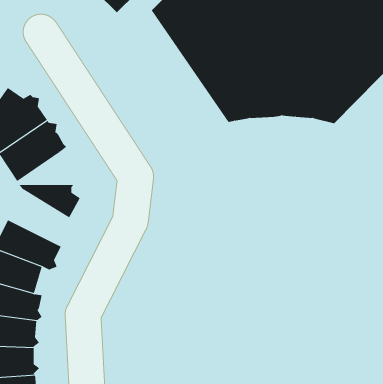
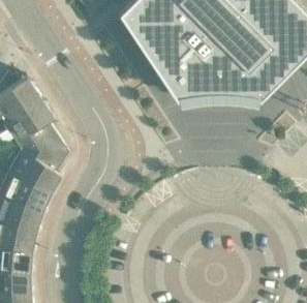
building: none -> [16,122,63,148]
building: none -> [8,151,60,194]

